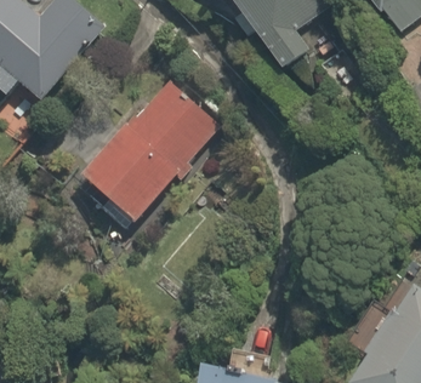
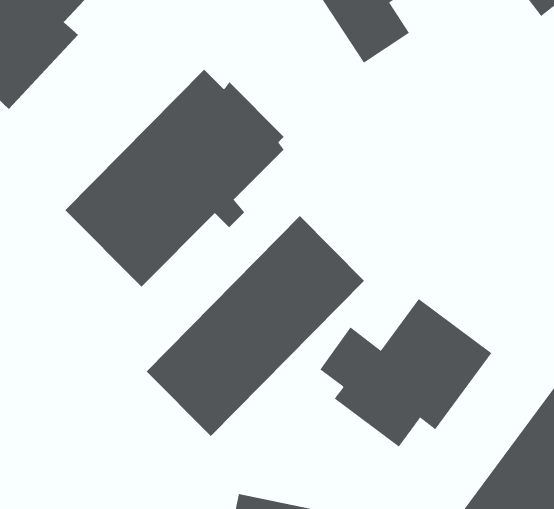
building: none -> [146,215,365,437]
building: none -> [319,298,492,447]

